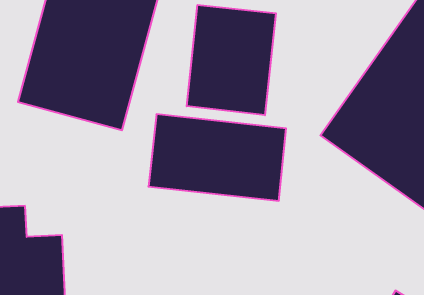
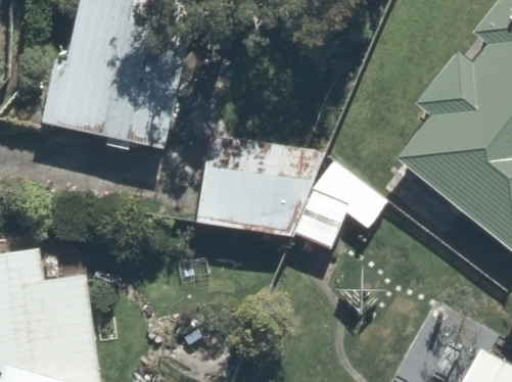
building: [187,5,276,115] -> none

